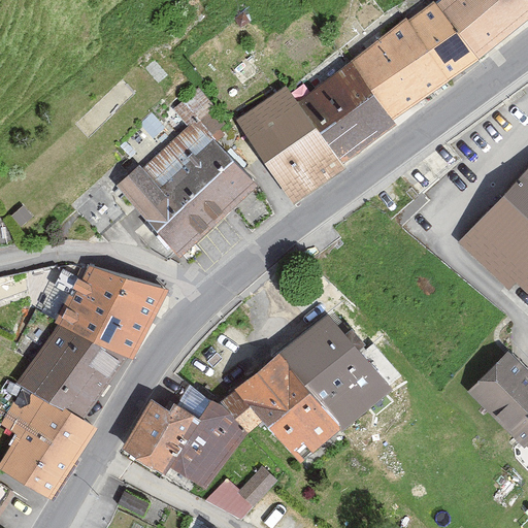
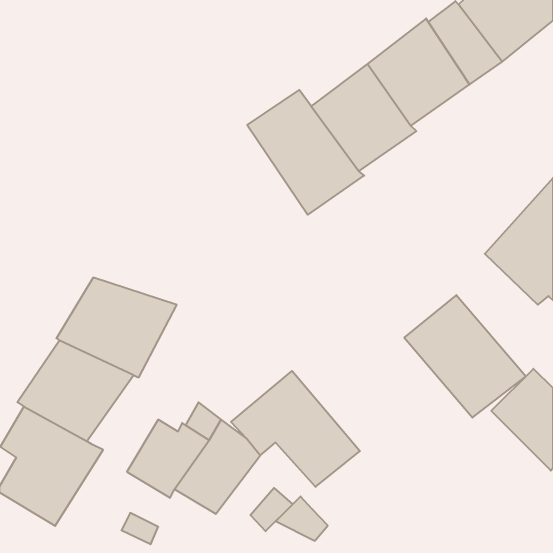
building: [116,88,258,258] -> none
building: [277,312,393,429] -> [404,295,526,418]
building: [203,477,253,520] -> [276,496,328,541]

